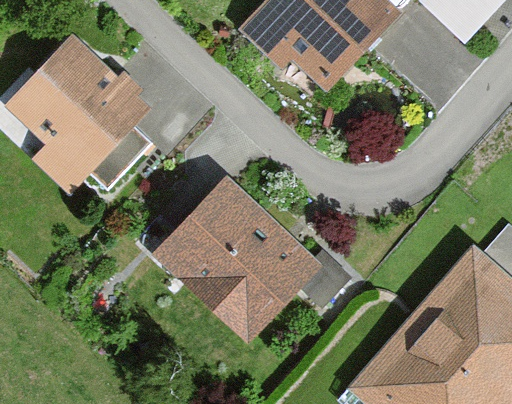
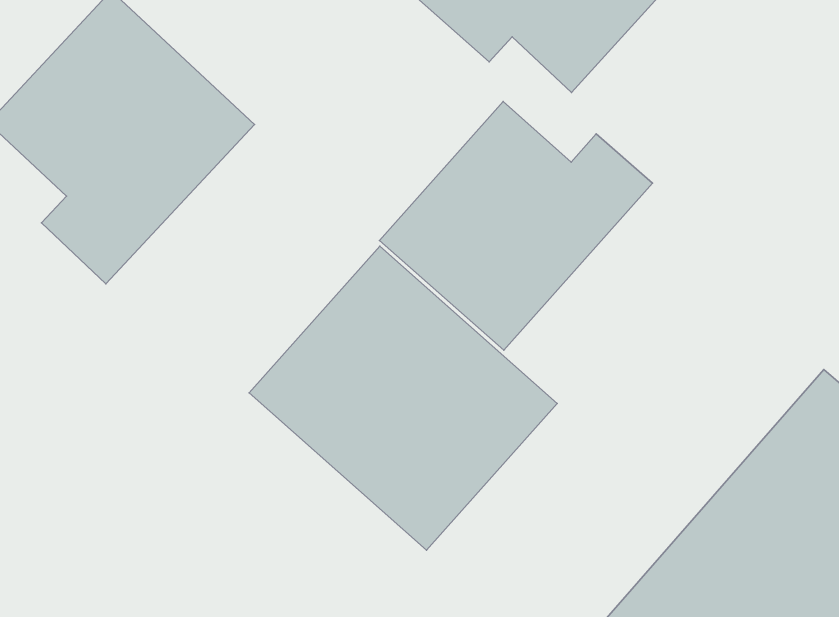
building: none -> [380,102,652,350]

